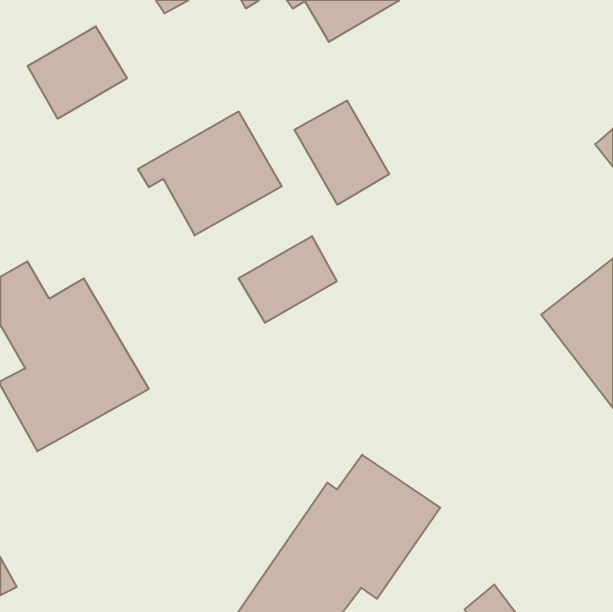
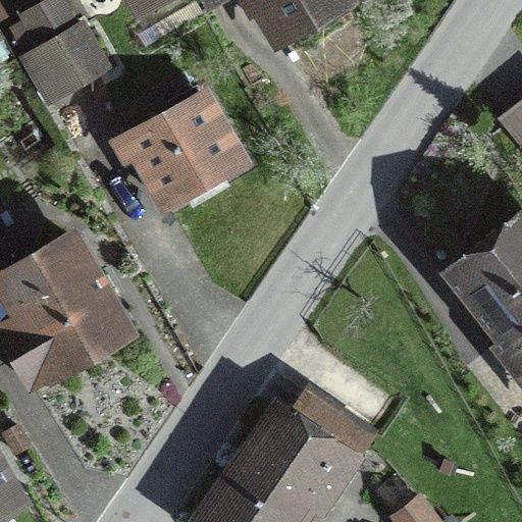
building: [294,101,389,205] -> none
building: [239,236,337,323] -> none

